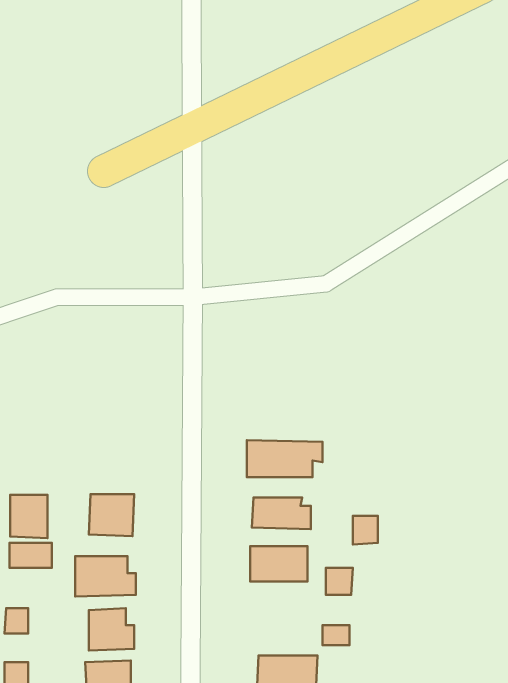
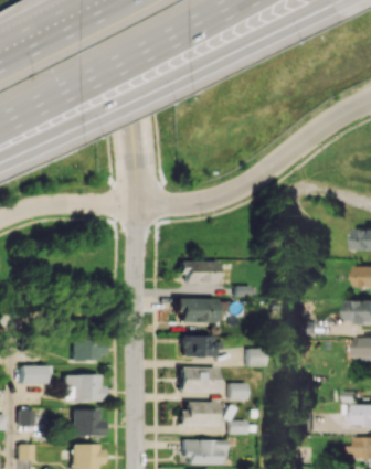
building: none -> [179,262,214,284]
building: [10,495,47,538] -> none
building: none -> [179,402,215,427]

